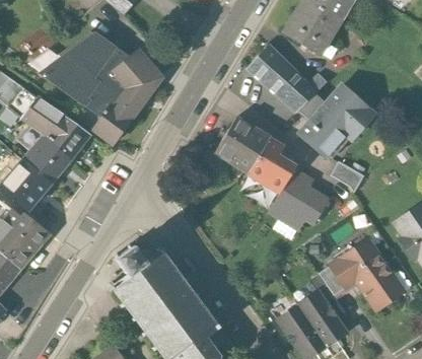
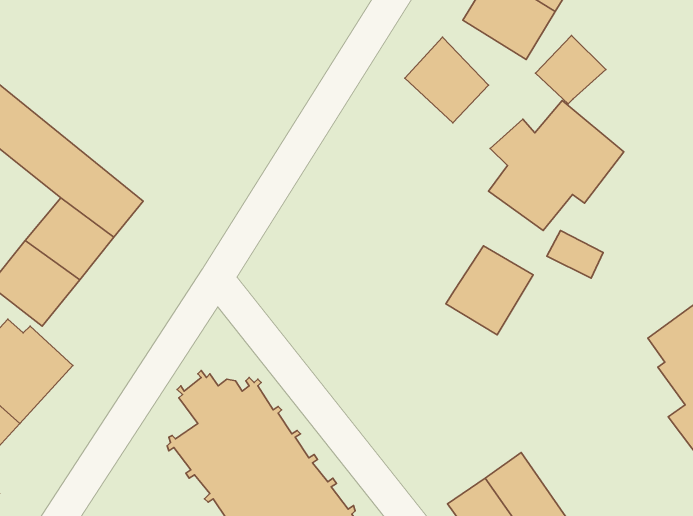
building: [40,32,160,143] -> none
building: [277,72,319,113] -> [536,35,606,104]
building: [214,117,295,194] -> none
building: [318,240,399,314] -> none

